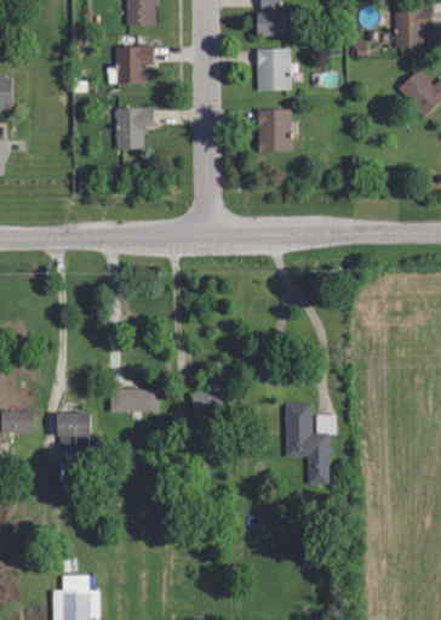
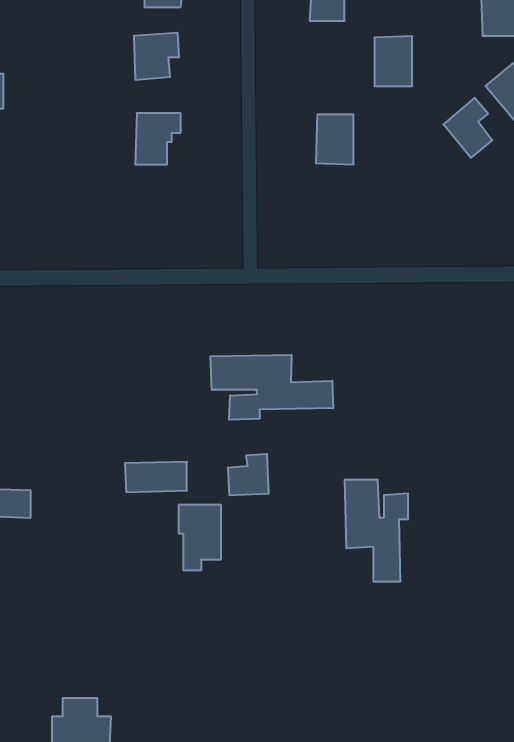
building: [258,49,288,89] -> [374,36,412,86]
building: none -> [443,98,492,158]
building: none -> [211,355,333,420]
building: [57,413,91,465] -> [179,505,221,570]

